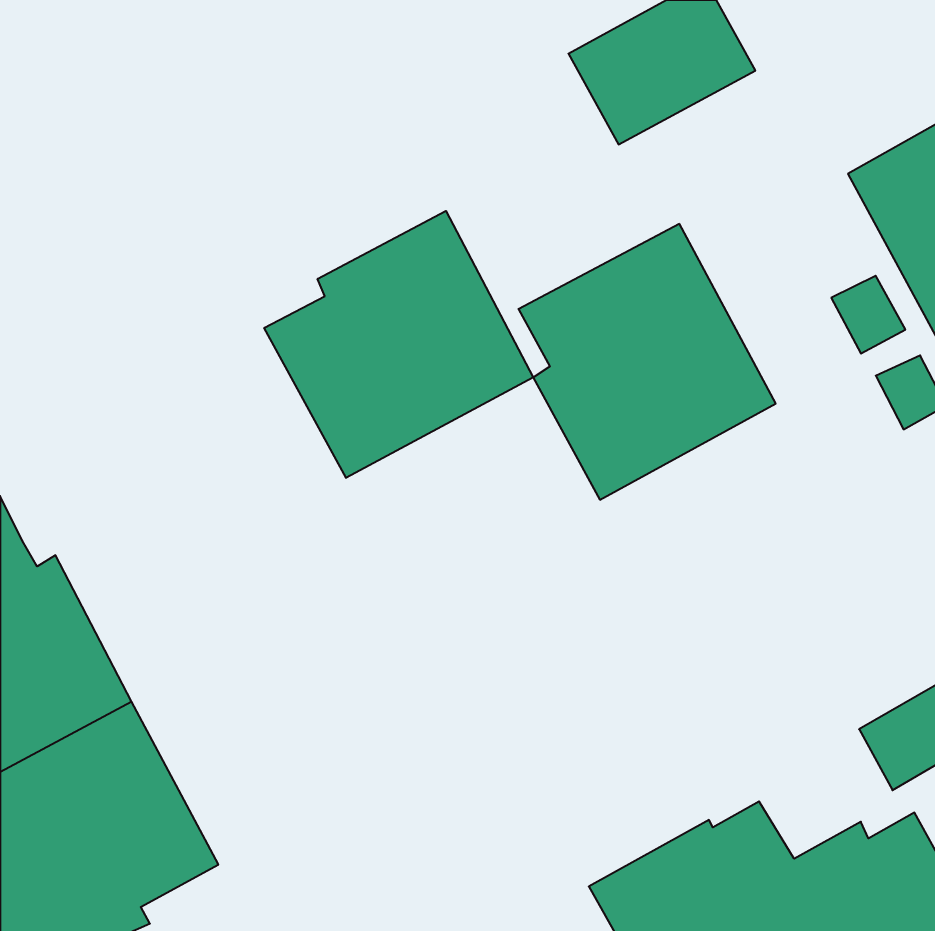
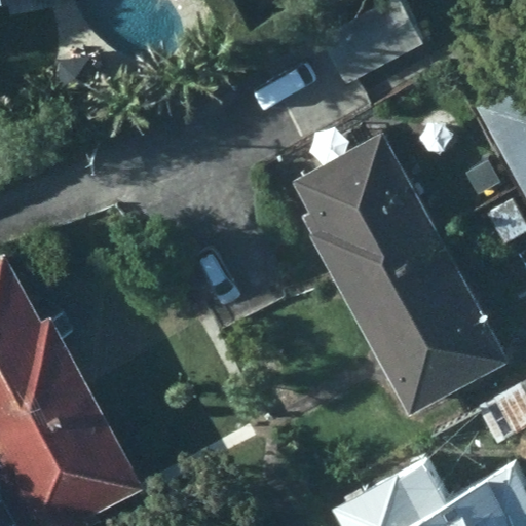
building: [264,211,533,478] -> none
building: none -> [339,232,506,415]

